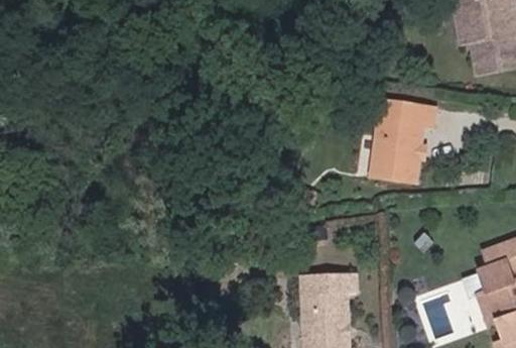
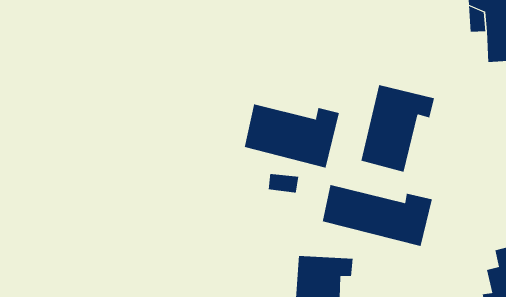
building: none -> [244,104,339,168]
building: none -> [322,184,432,247]

